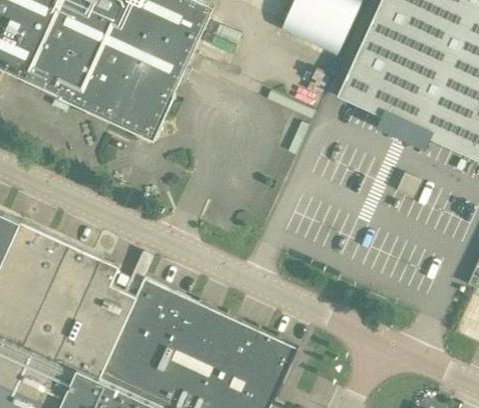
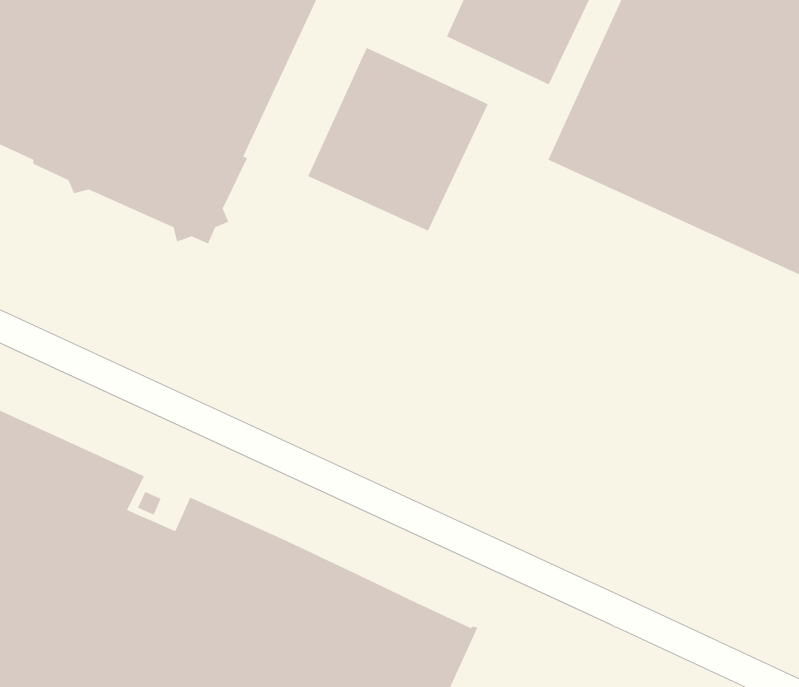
building: none -> [307,47,488,231]

